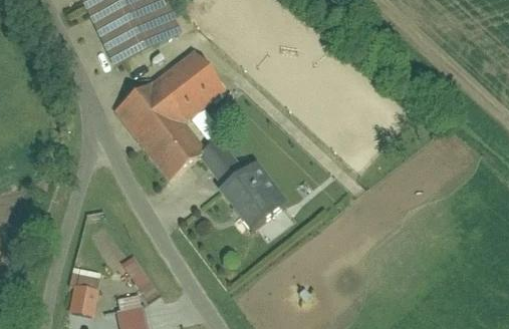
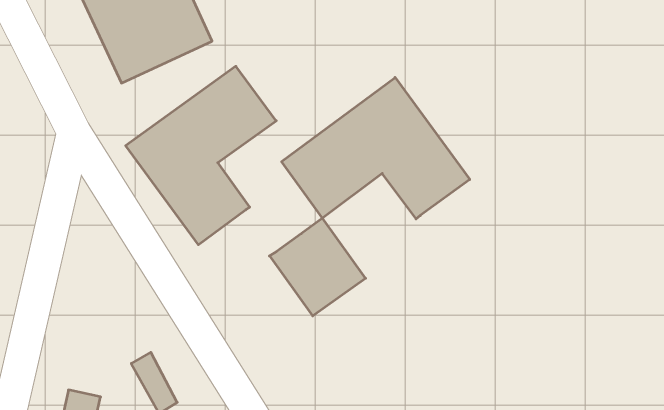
building: none -> [282,77,470,219]
building: [202,140,242,184] -> none

